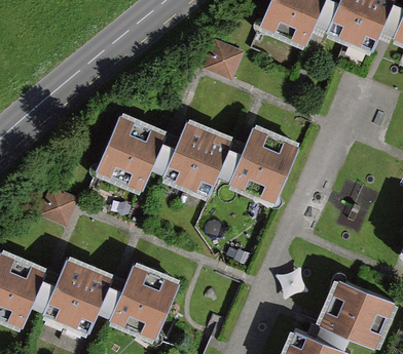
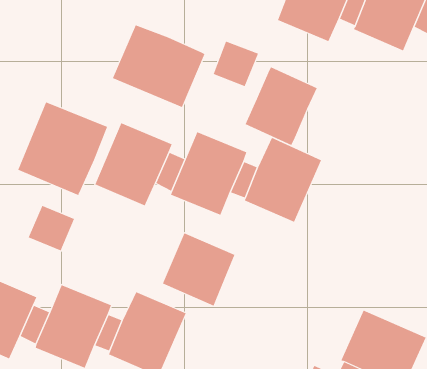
building: none -> [112,24,205,108]
building: none -> [245,66,317,146]
building: none -> [18,102,108,196]
building: none -> [162,233,235,306]

